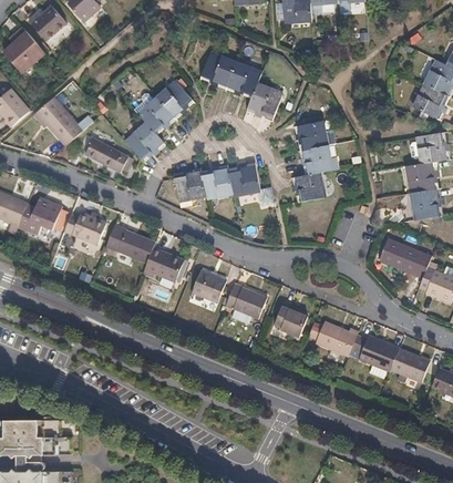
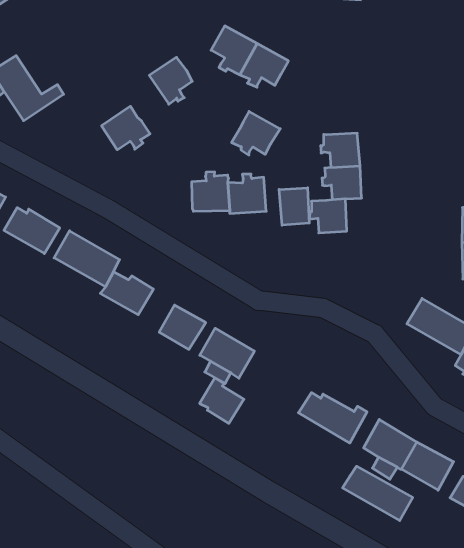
building: [247,84,282,117] -> [232,111,280,155]
building: [138,99,175,132] -> none
building: [85,138,133,172] -> none
building: [173,167,204,199] -> none
building: none -> [279,188,309,225]
building: [274,304,307,337] -> [200,378,244,423]
building: none -> [343,466,413,521]

